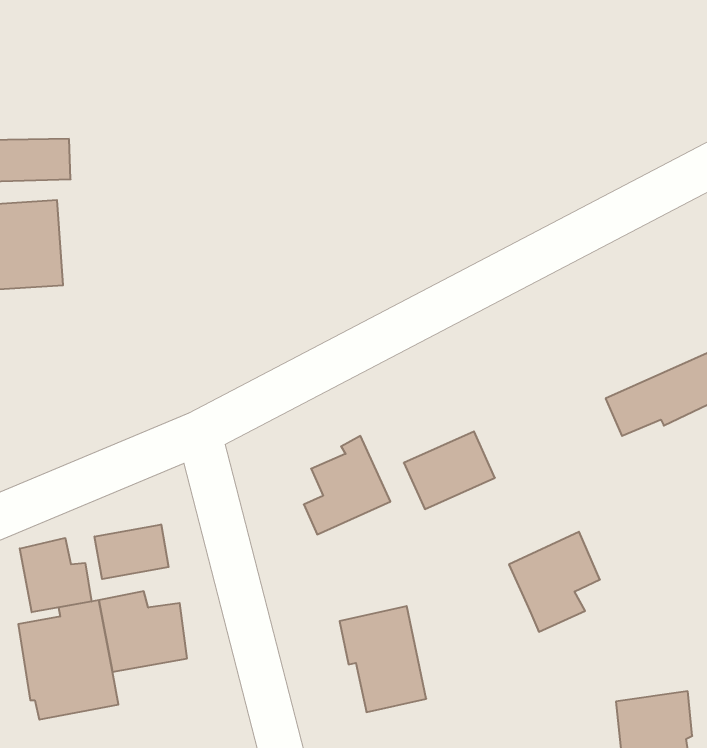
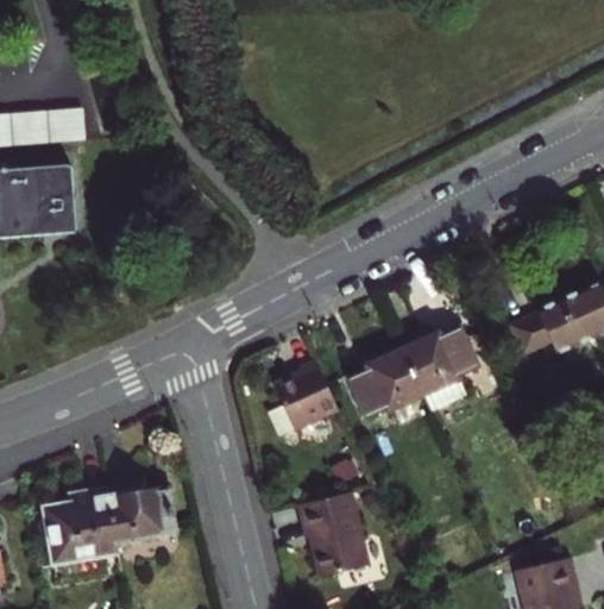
building: [95,524,169,579] -> none
building: [509,532,600,632] -> [404,325,477,404]
building: [20,538,92,612] -> none

